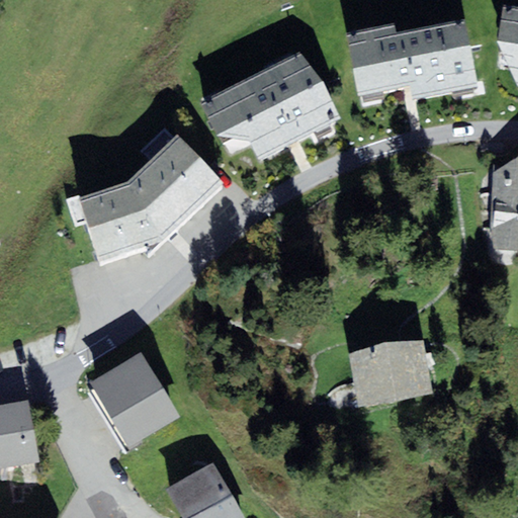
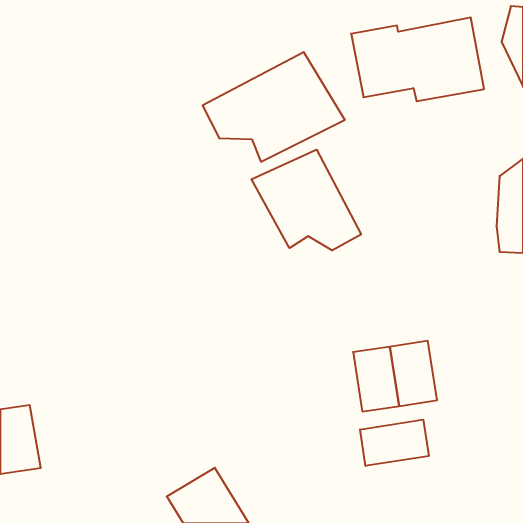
building: [79,134,223,262] -> none
building: none -> [251,150,361,251]
building: [89,351,180,447] -> none
building: none -> [360,420,429,466]

